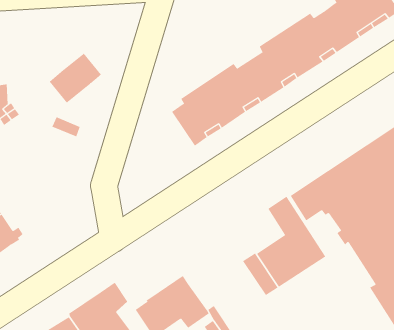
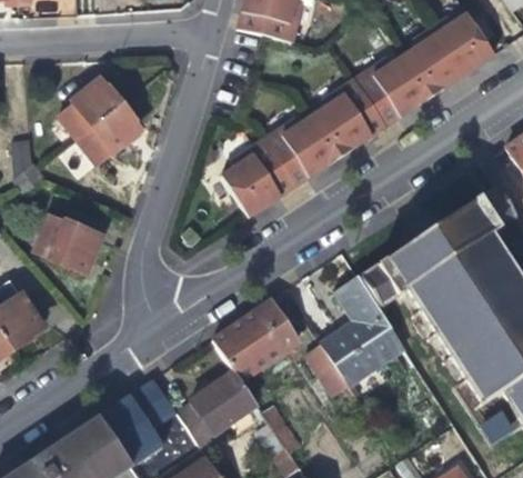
building: none -> [58,74,127,140]
building: none -> [33,208,102,273]
building: none -> [213,299,299,380]

